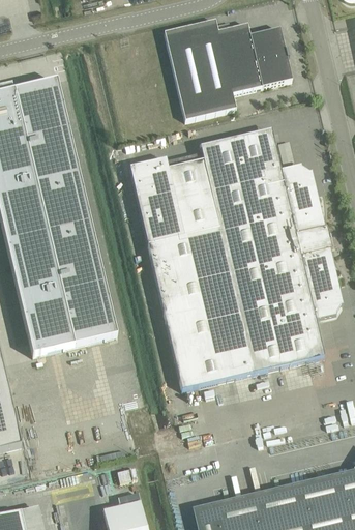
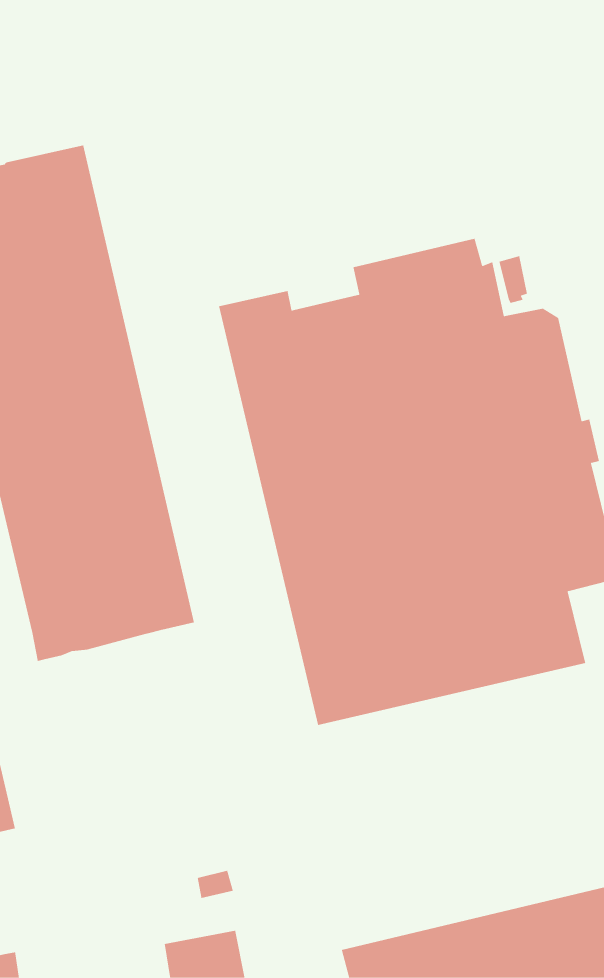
building: [164,19,292,119] -> none

